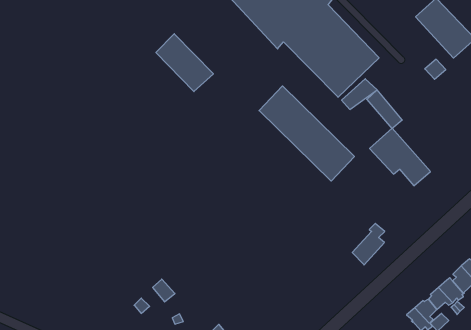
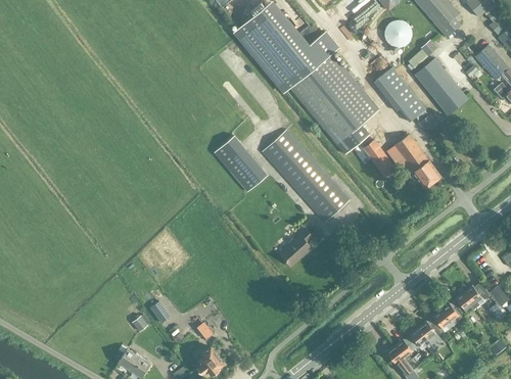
building: none -> [377,67,424,122]
building: [156,34,213,92] -> [214,136,266,191]
building: [370,128,430,186] -> [385,134,440,189]
building: [352,223,385,265] -> [280,229,312,267]

